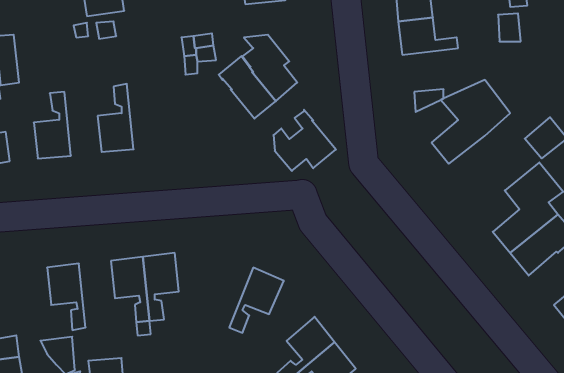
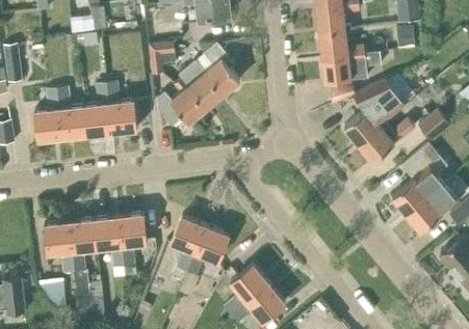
building: none -> [321,52,382,83]
building: none -> [106,81,137,133]
building: none -> [57,87,86,138]
building: [273,110,336,171] -> [157,78,206,126]
building: none -> [358,118,415,161]
building: none -> [171,216,205,272]
building: none -> [69,220,97,272]

